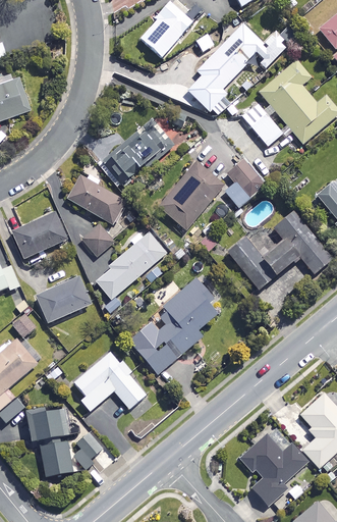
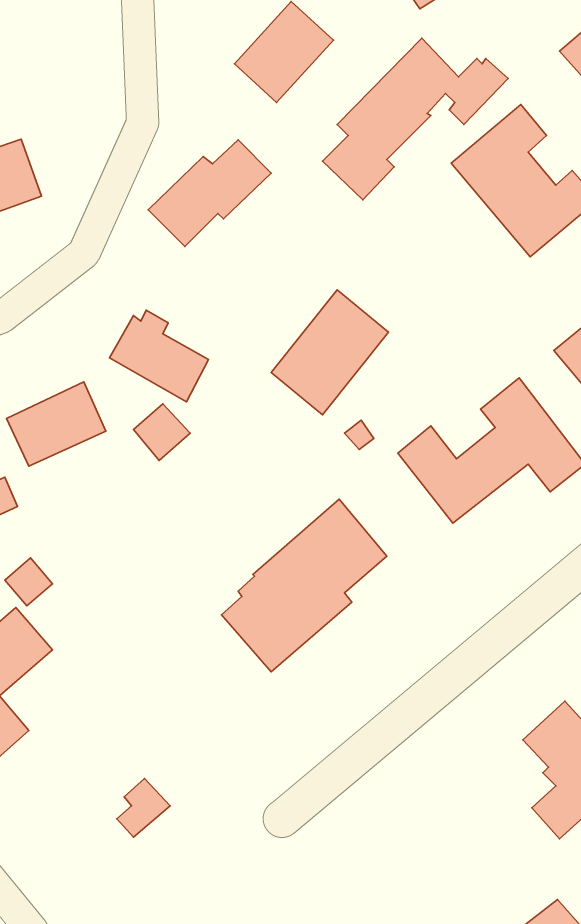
building: [241,102,282,145] -> none
building: [102,125,170,185] -> [148,140,271,247]
building: [224,159,265,207] -> none
building: [96,227,169,299] -> none
building: [37,276,91,322] -> none
building: [74,351,147,410] -> none
building: [29,411,73,476] -> none
building: [240,434,307,504] -> none

